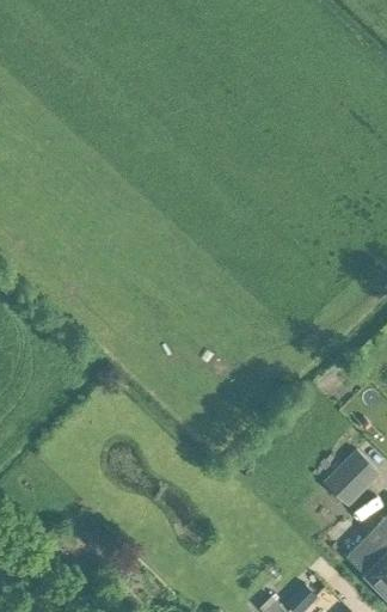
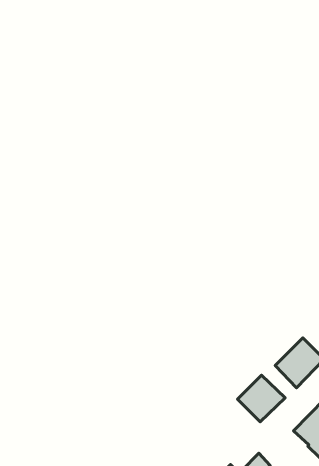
building: none -> [238,375,285,422]

